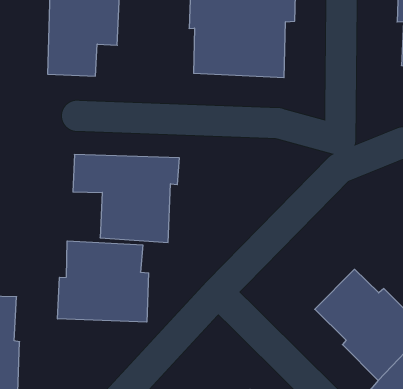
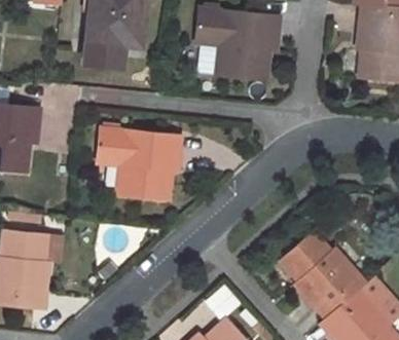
building: [58,241,149,322] -> none

